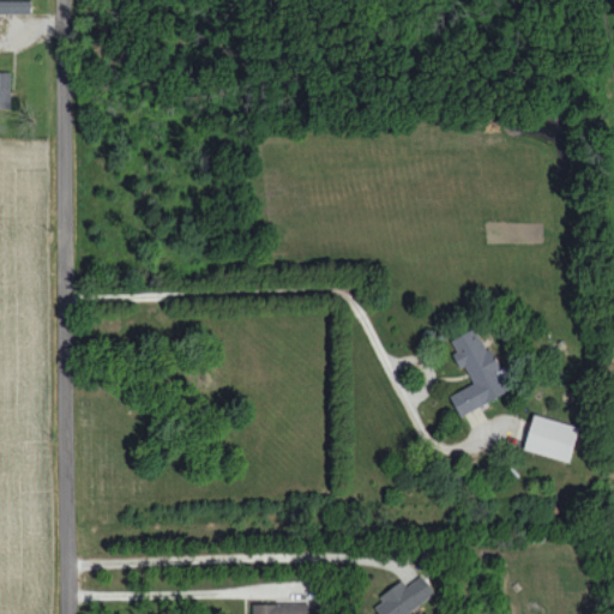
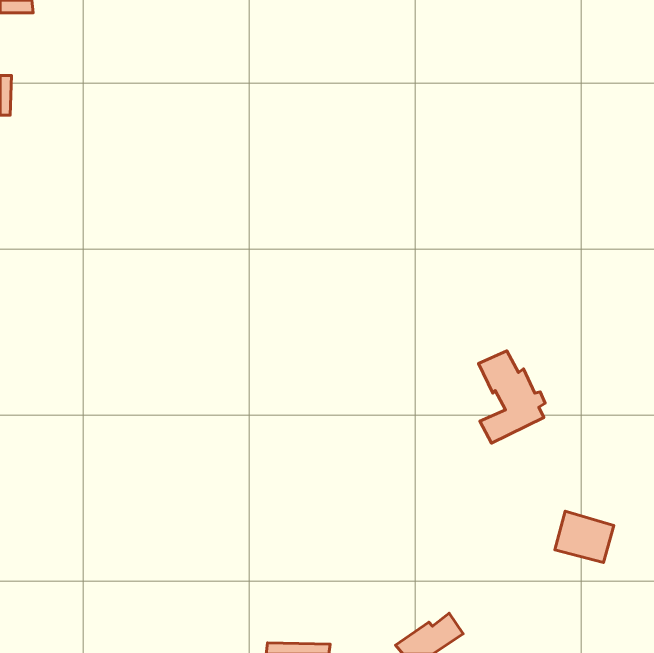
building: [524,415,579,463] -> [555,511,614,563]

